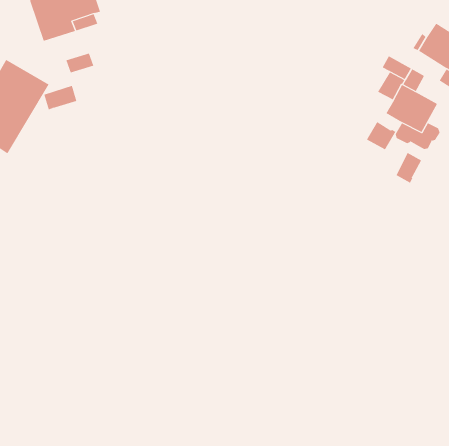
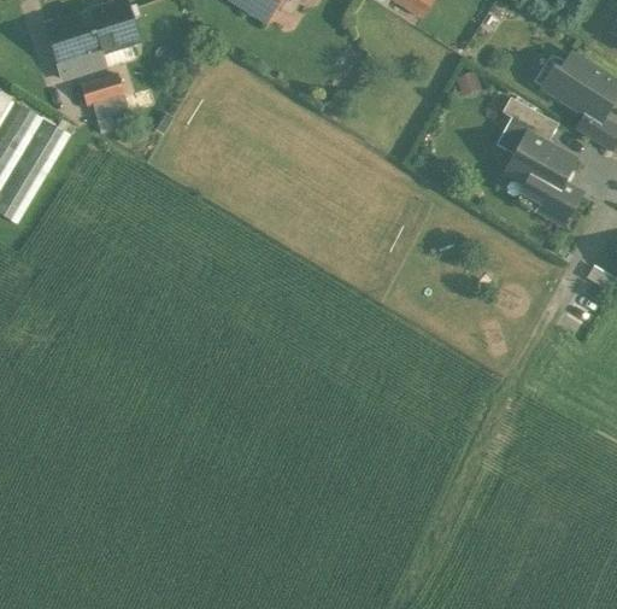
building: [44,85,77,110] -> [80,71,123,104]
building: [366,121,396,150] -> none
building: [396,152,422,184] -> none

